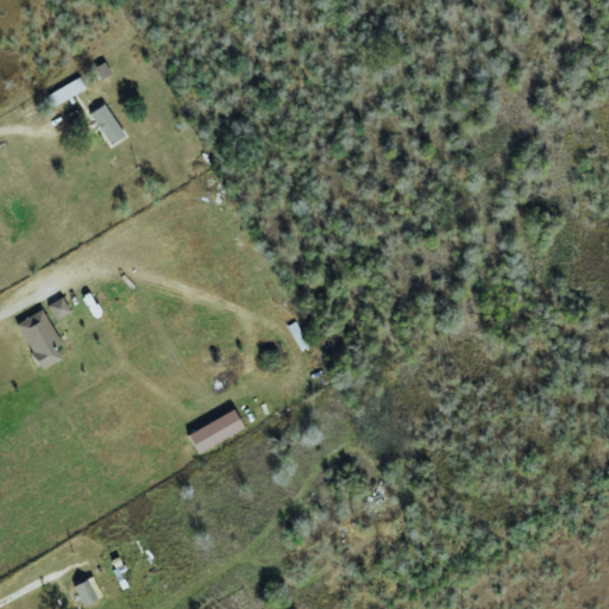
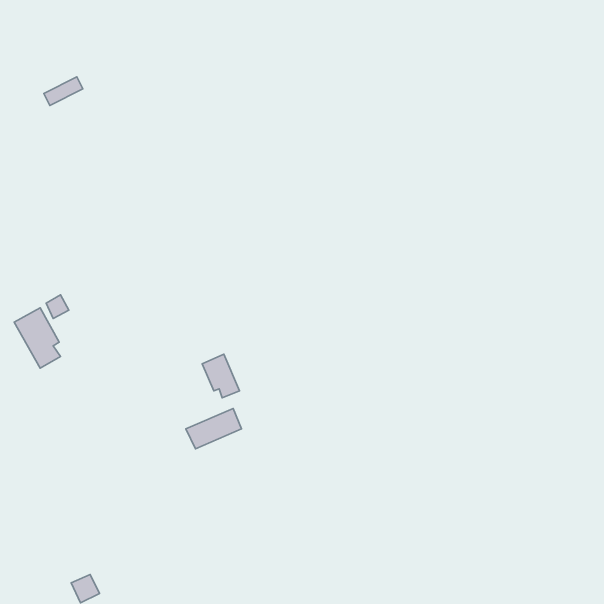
building: [89,103,125,145] -> none
building: none -> [202,354,240,398]

